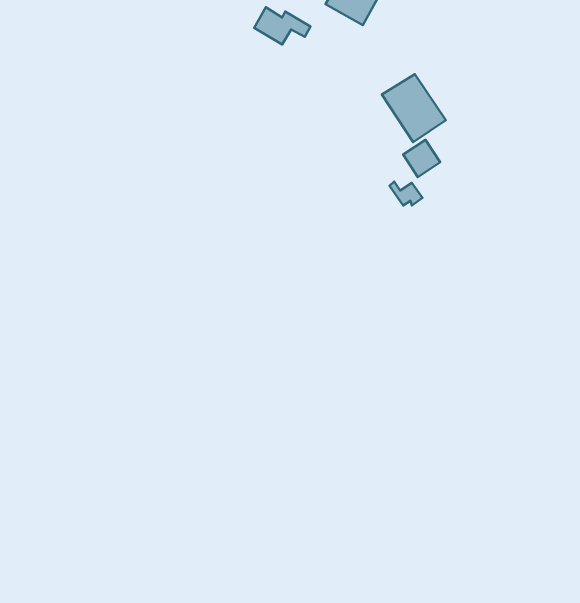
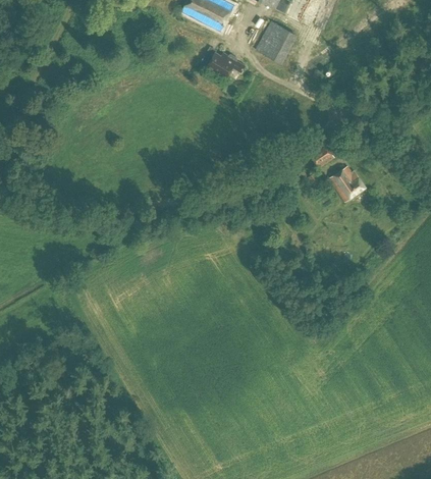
building: [382,74,446,142] -> none
building: none -> [327,165,364,201]

